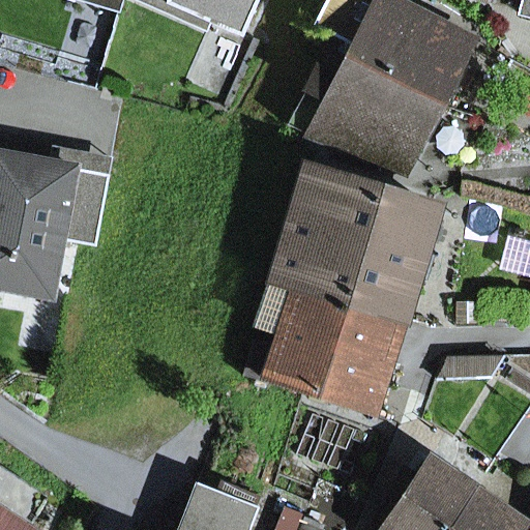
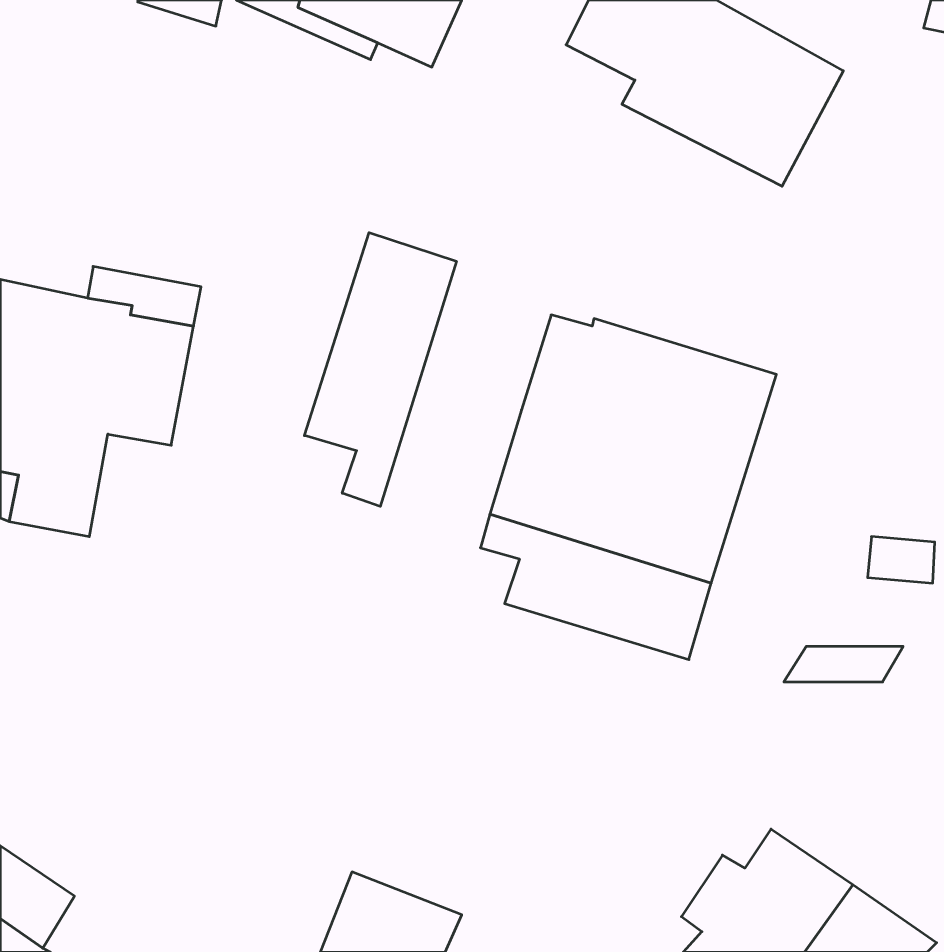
building: [291,49,439,171] -> none
building: none -> [304,233,456,506]
building: [246,335,387,414] -> none

